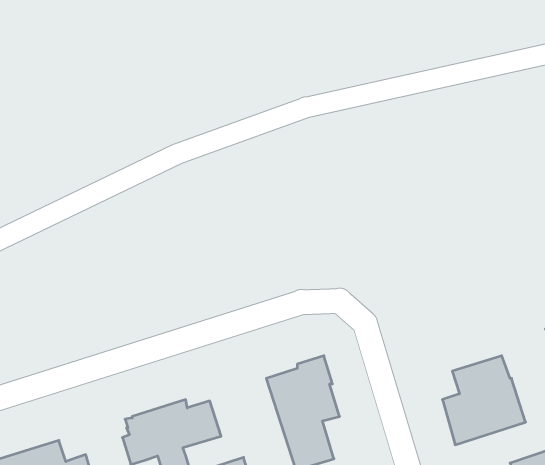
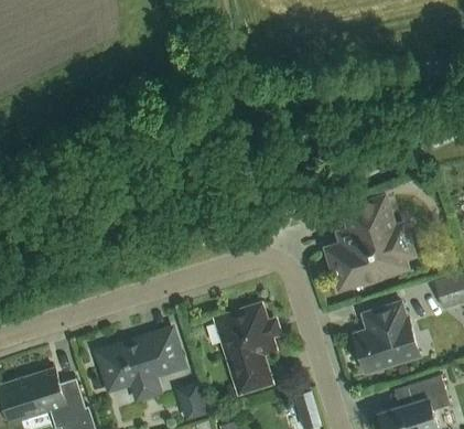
building: none -> [327,199,411,288]

